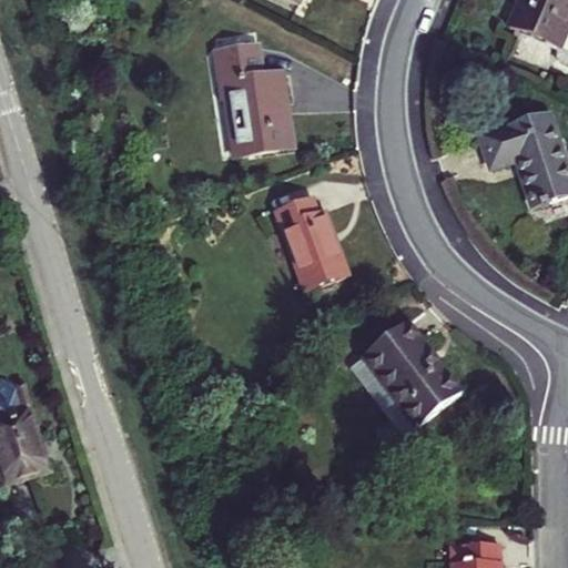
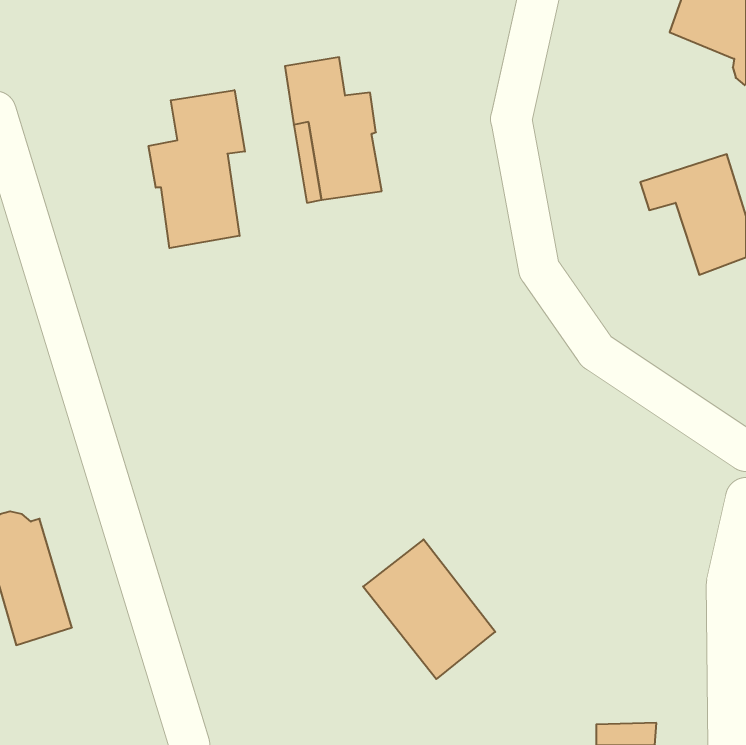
building: none -> [149,90,245,248]
building: [271,197,347,288] -> none
building: [359,321,459,426] -> [363,539,495,679]

